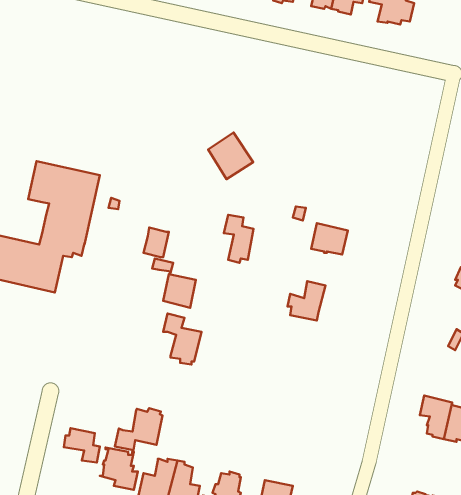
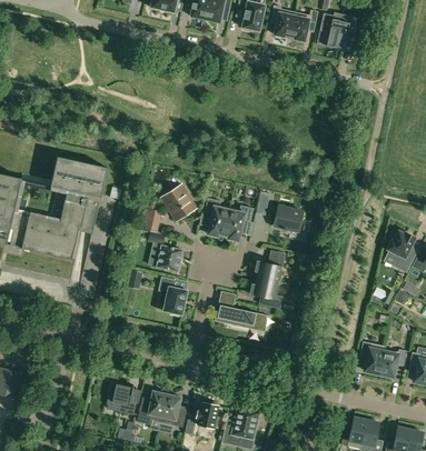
building: [208,133,253,179] -> [161,183,197,220]
building: none -> [224,204,254,240]
building: none -> [250,277,283,308]
building: none -> [215,304,268,330]
building: [115,408,163,450] -> none
building: [64,428,100,462] -> none

